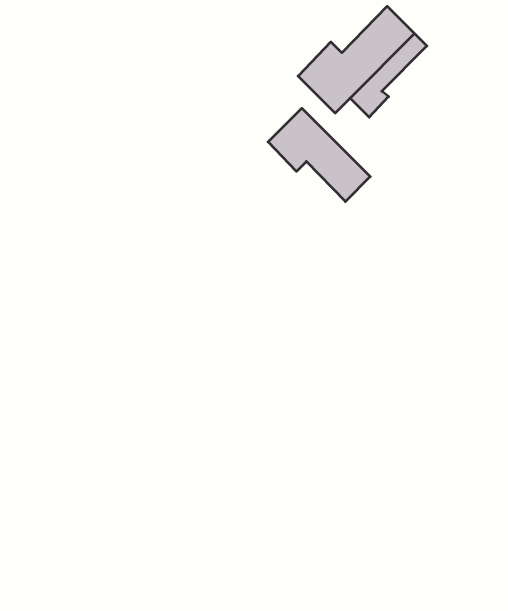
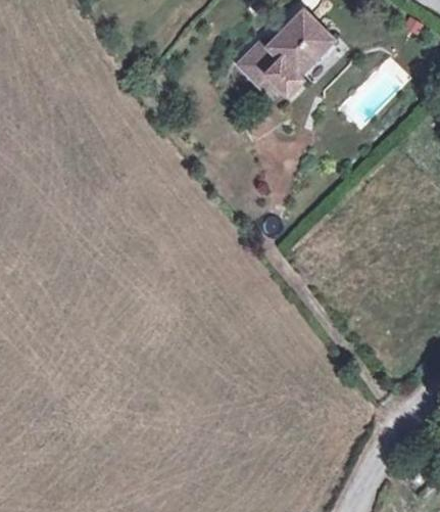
building: [268,108,370,202] -> none

